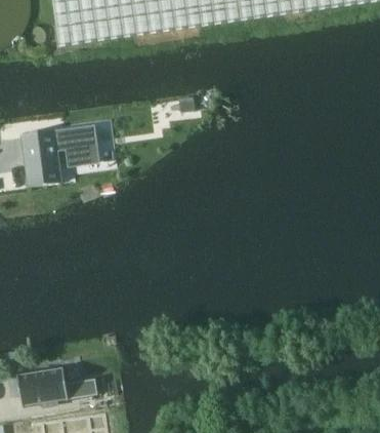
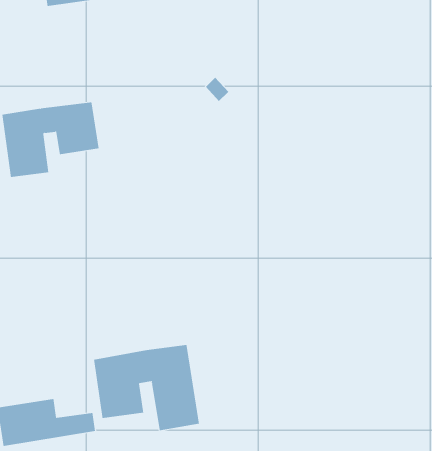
building: none -> [93,344,200,431]

